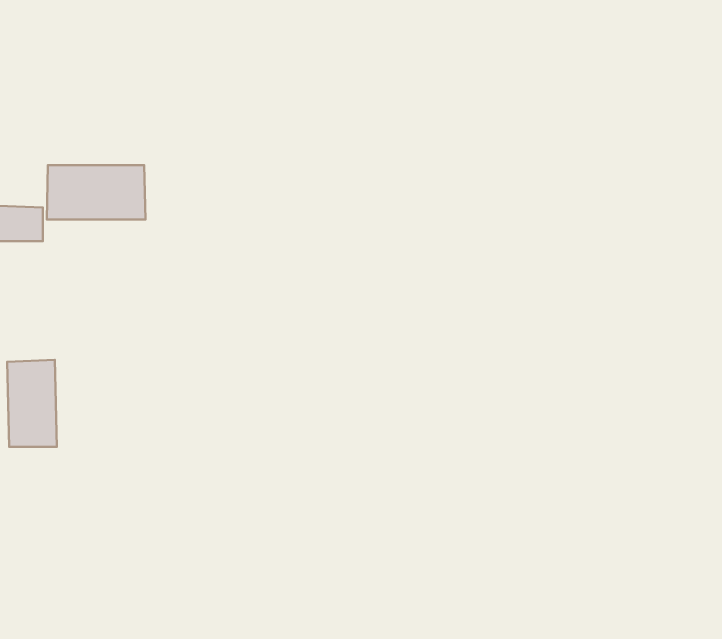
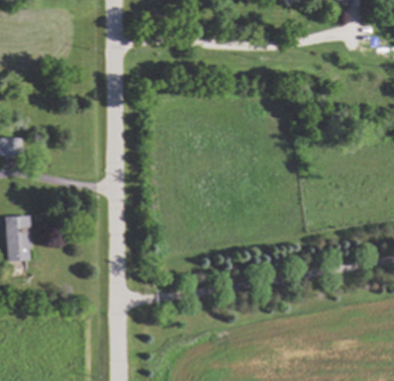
building: [47,165,146,220] -> none

